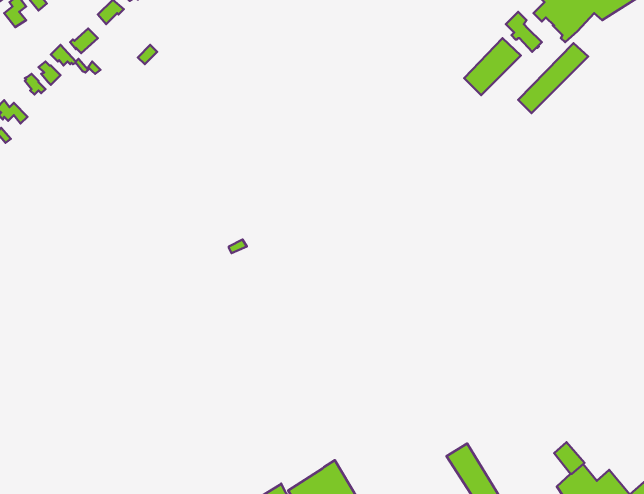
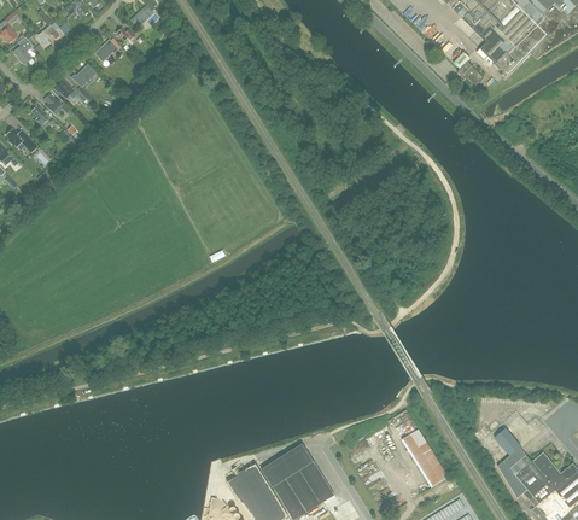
building: [464,38,521,95] -> none
building: [518,43,588,113] -> none

